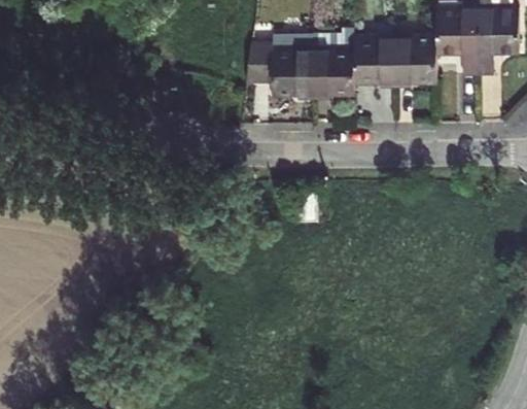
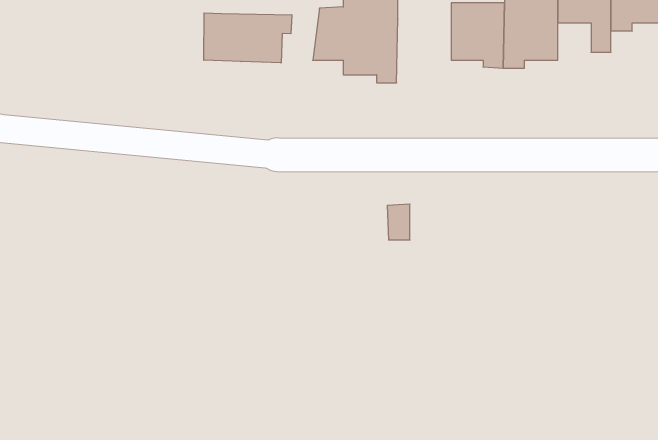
building: none -> [204,13,292,63]
building: [310,48,352,98] -> none

